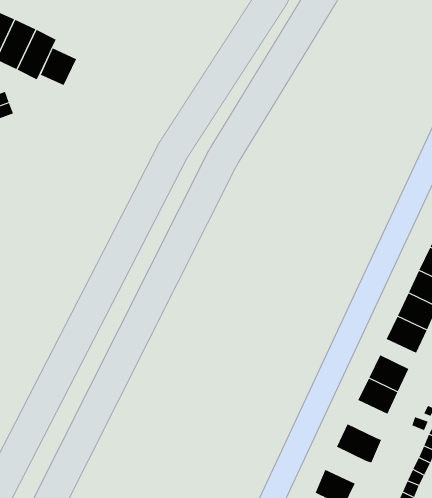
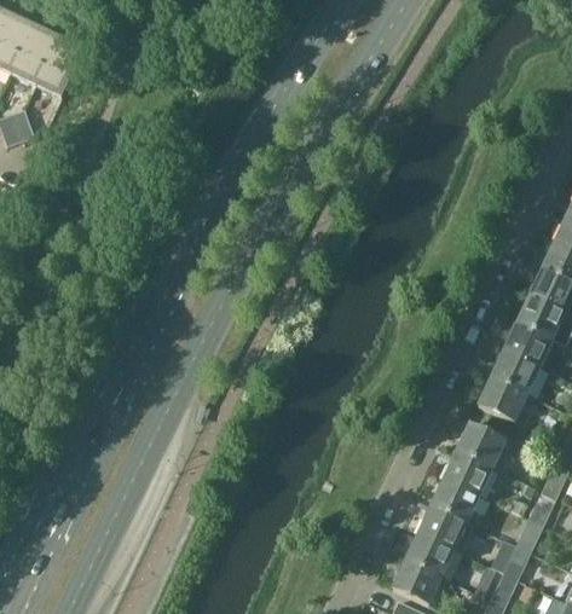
building: [40,47,77,86] -> none
building: none -> [431,477,479,522]
building: none -> [404,533,452,577]

